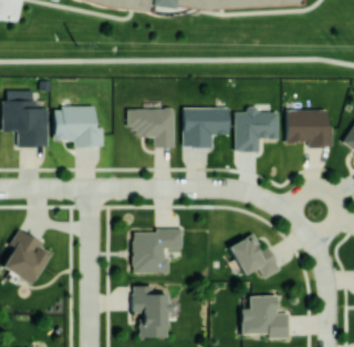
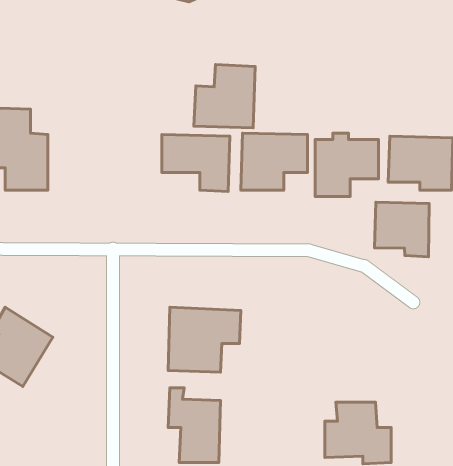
building: none -> [194,65,255,128]
building: [53,106,103,145] -> none
building: none -> [375,202,429,257]
building: [229,233,281,277] -> none

